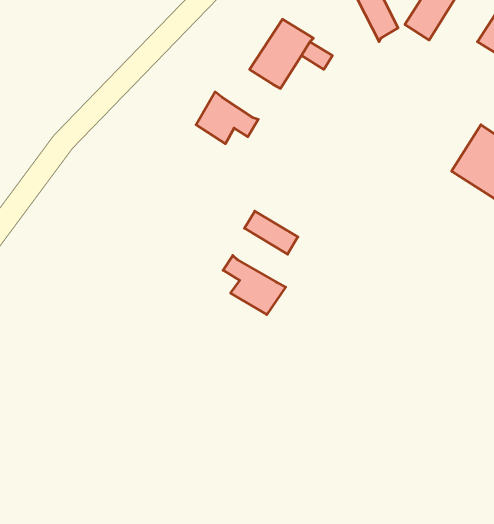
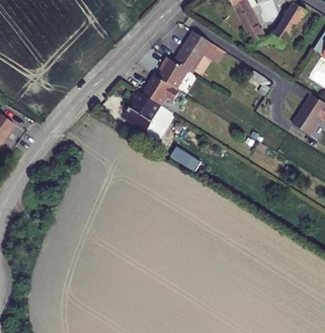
building: none -> [162,61,192,93]
building: none -> [128,92,164,135]
building: [223,255,286,315] -> none

